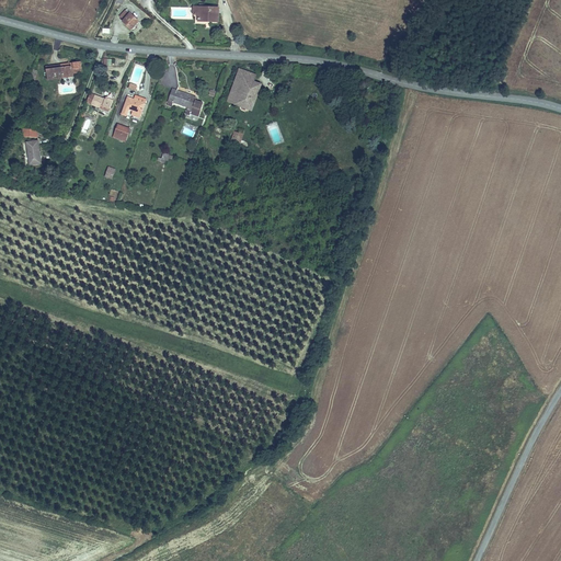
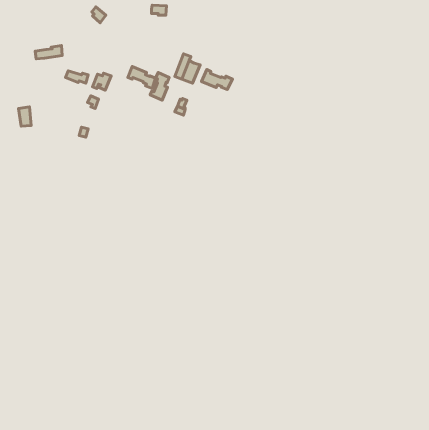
building: none -> [202,70,232,90]
building: none -> [150,72,169,100]

